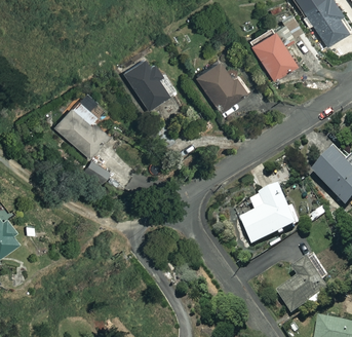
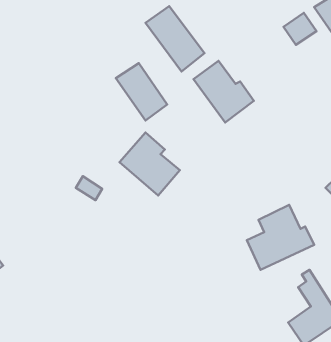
building: none -> [146,6,204,72]
building: [248,26,297,80] -> none
building: [54,101,109,157] -> [119,133,180,195]

